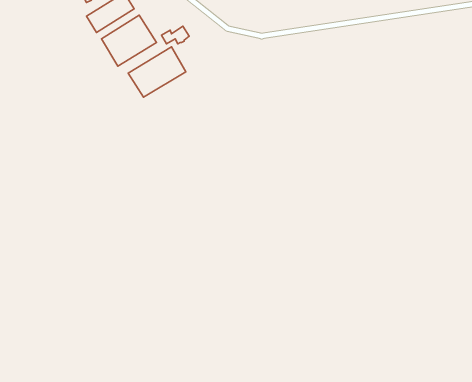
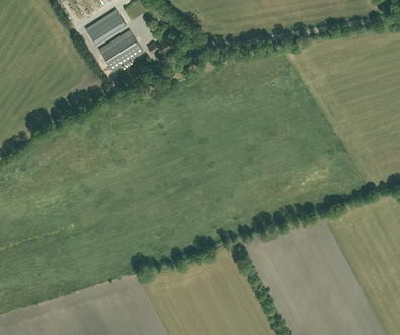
building: [128,47,186,97] -> none

